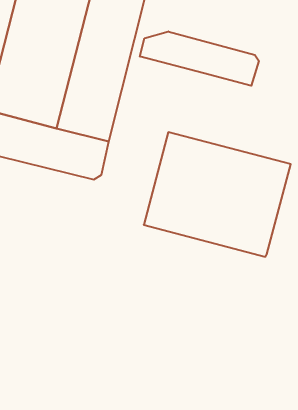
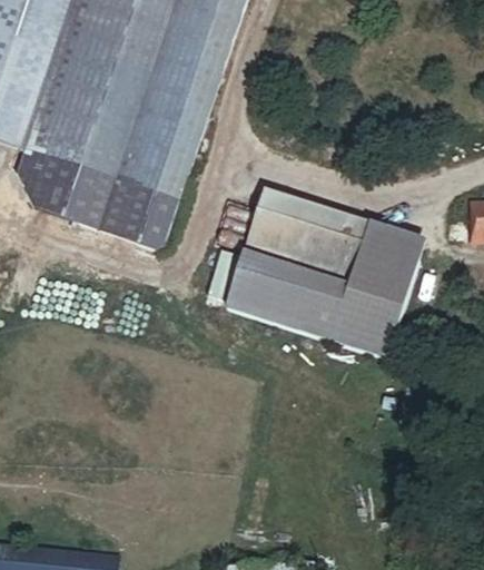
building: [140,31,259,86] -> none

